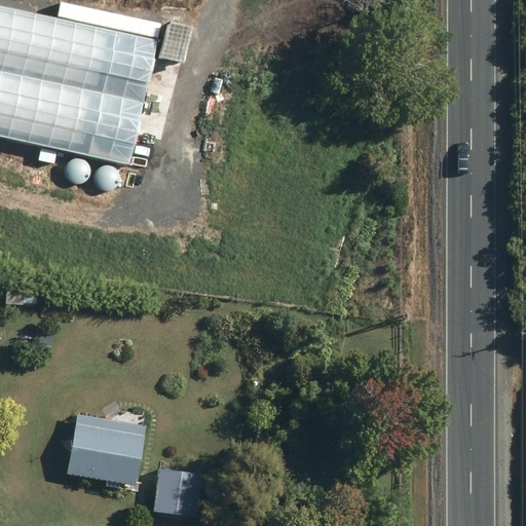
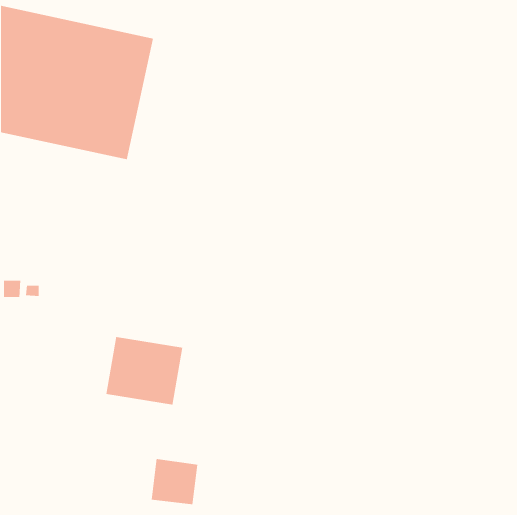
building: [66,413,145,483] -> [105,336,183,405]

